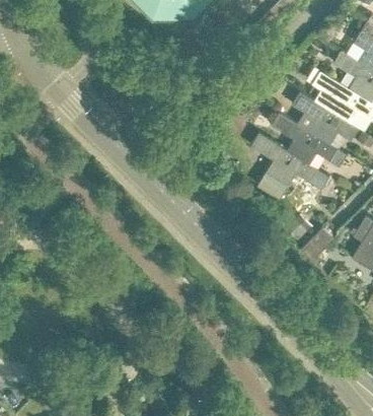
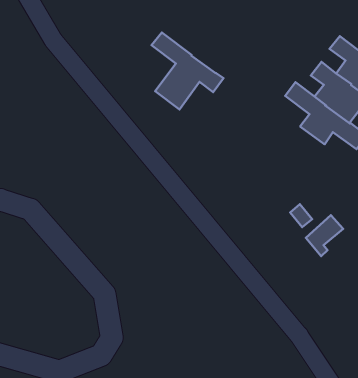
building: [249,135,316,202] -> [152,33,224,109]

